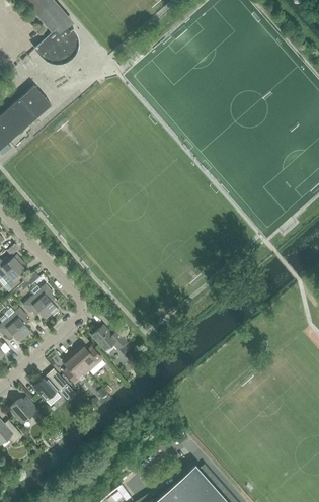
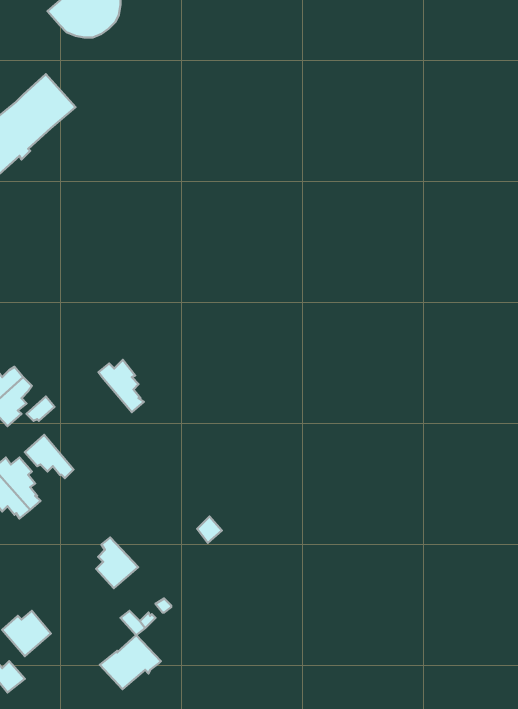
building: [30,284,57,315] -> [99,360,144,412]
building: [90,325,126,351] -> none
building: [71,348,105,374] -> none
building: [31,369,67,401] -> [100,635,161,689]

